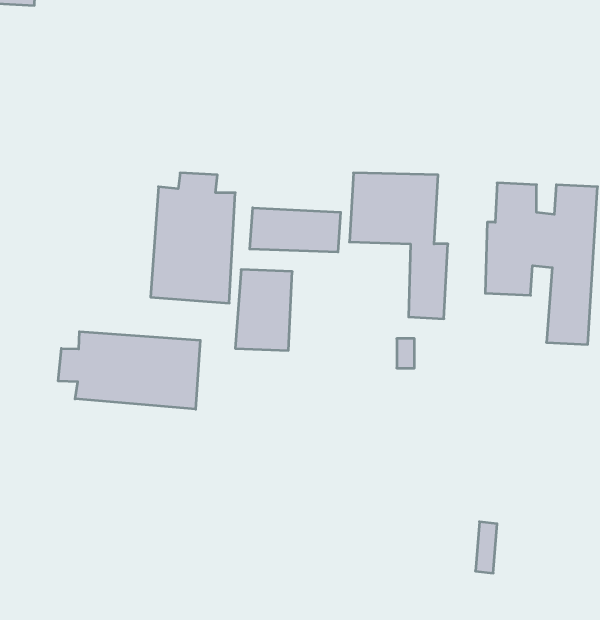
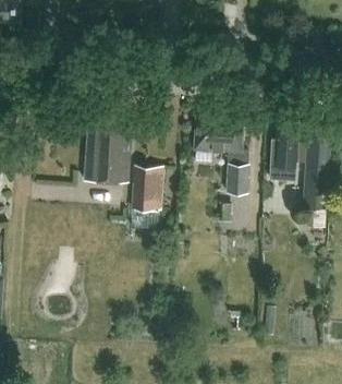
building: [250,208,341,252] -> none
building: [58,332,200,409] -> none

